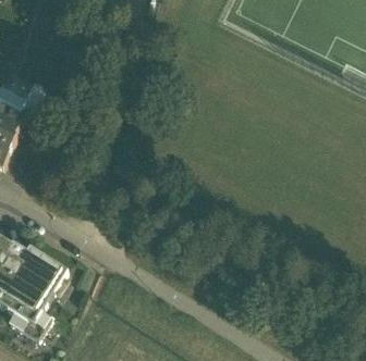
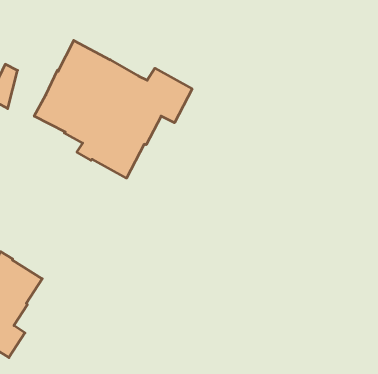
building: none -> [34,40,192,178]

